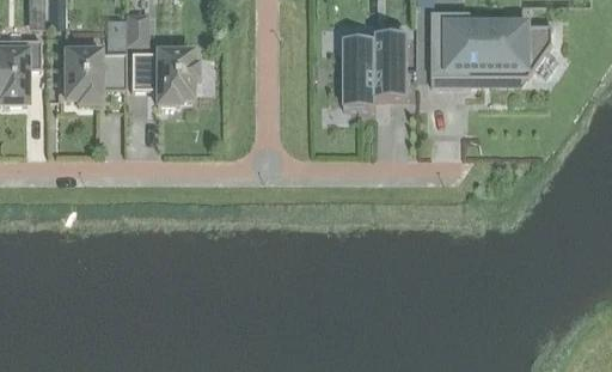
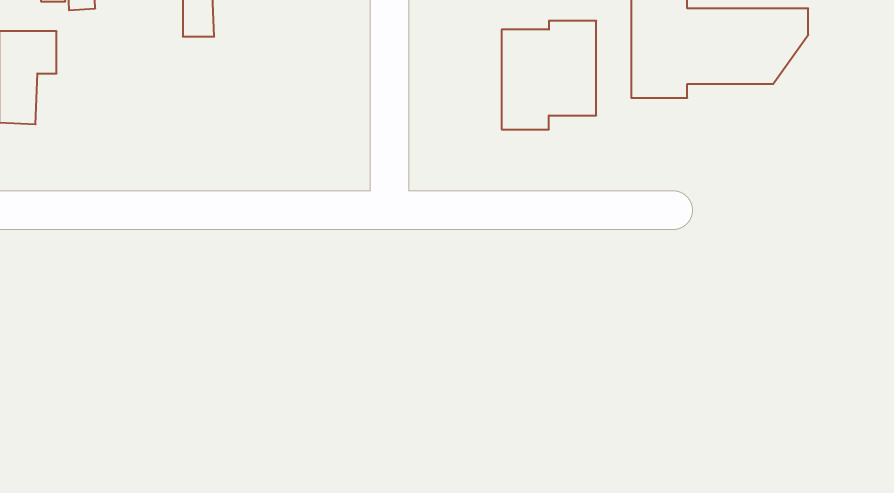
building: [59,51,126,104] -> none
building: [130,51,196,104] -> none

